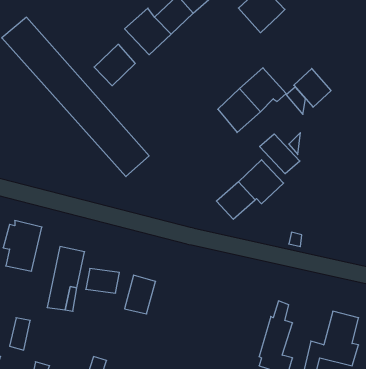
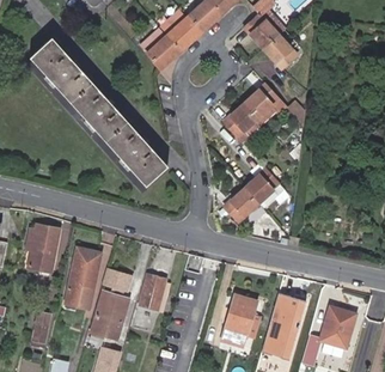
building: [94,44,135,86] -> none
building: [294,68,331,107] -> [263,33,298,69]
building: [260,134,300,174] -> none
building: none -> [91,289,129,335]
building: none -> [221,293,259,344]

